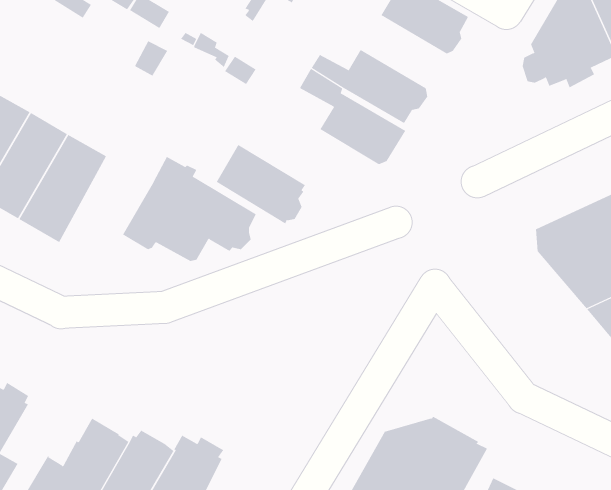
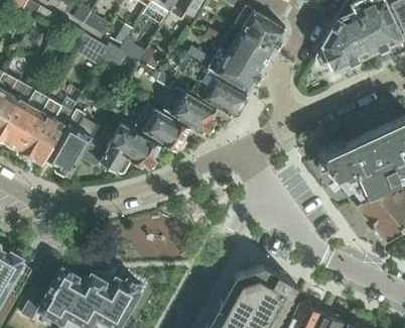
building: none -> [206,27,272,71]
building: none -> [155,74,217,132]
building: none -> [45,109,98,176]

